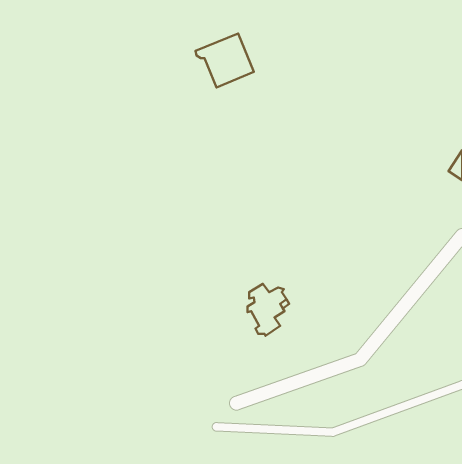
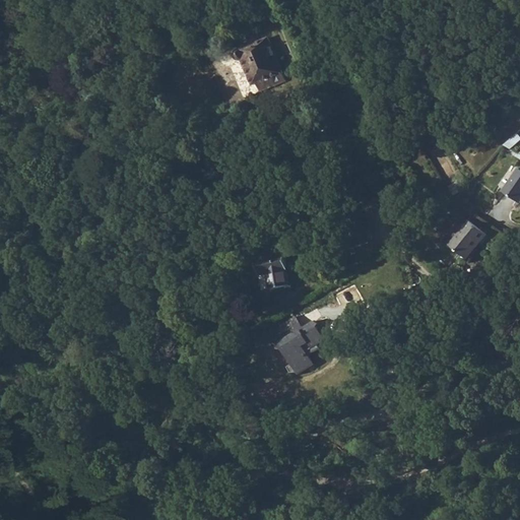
building: none -> [447,219,484,258]
building: none -> [255,254,287,289]

